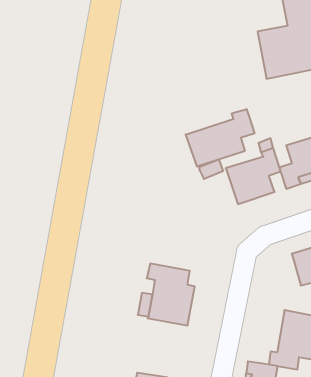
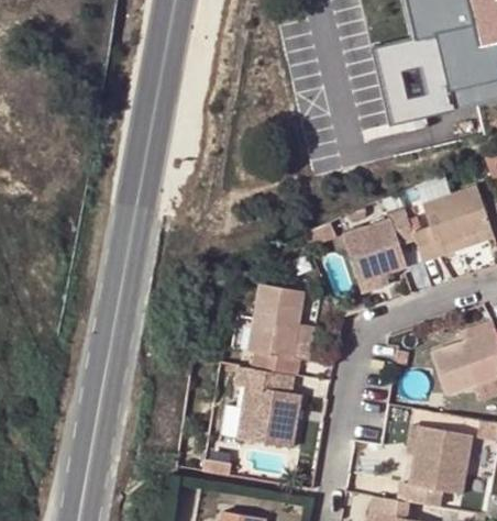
building: [186,109,254,167] -> none
building: none -> [247,281,305,374]

